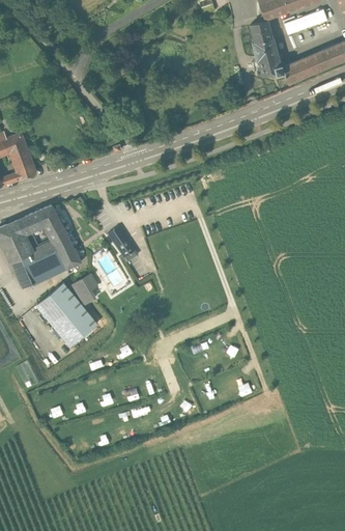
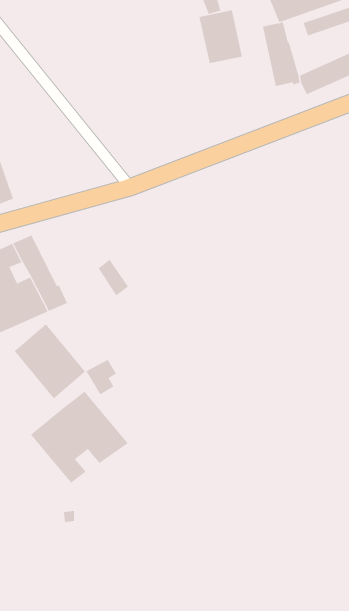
building: none -> [199,10,242,64]
building: [71,274,98,305] -> [86,359,117,395]
building: none -> [30,391,128,483]

